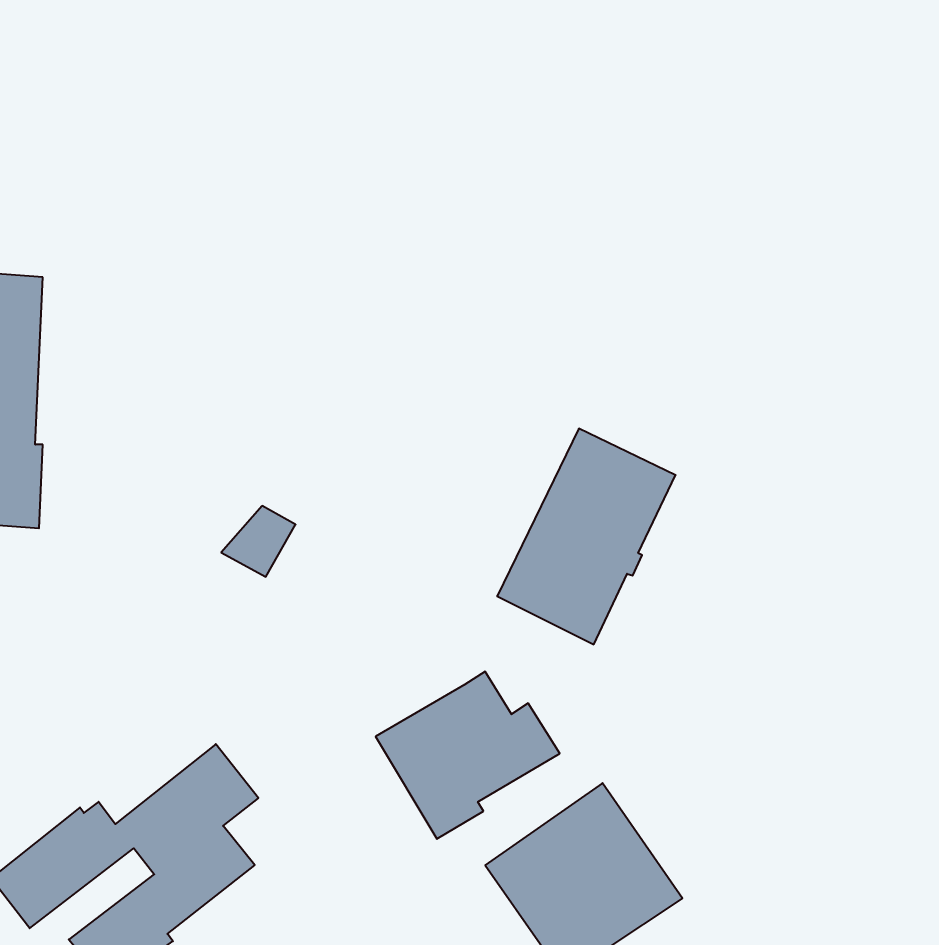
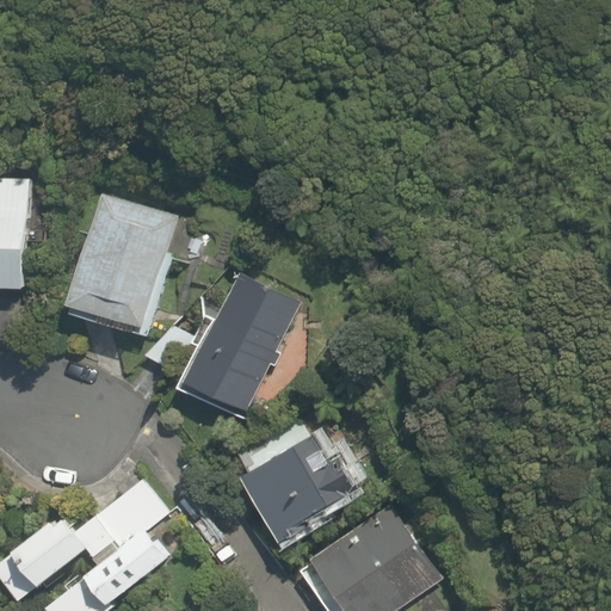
building: none -> [67,196,175,333]
building: [497,429,676,644] -> [185,273,300,412]

